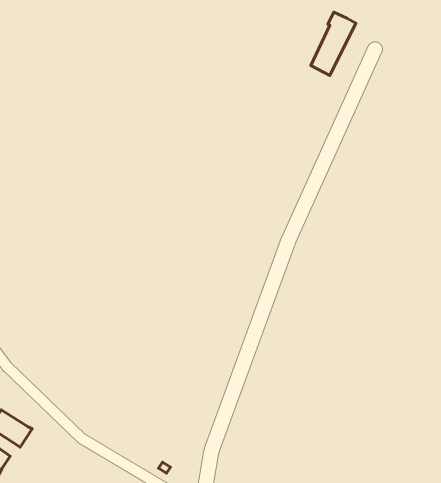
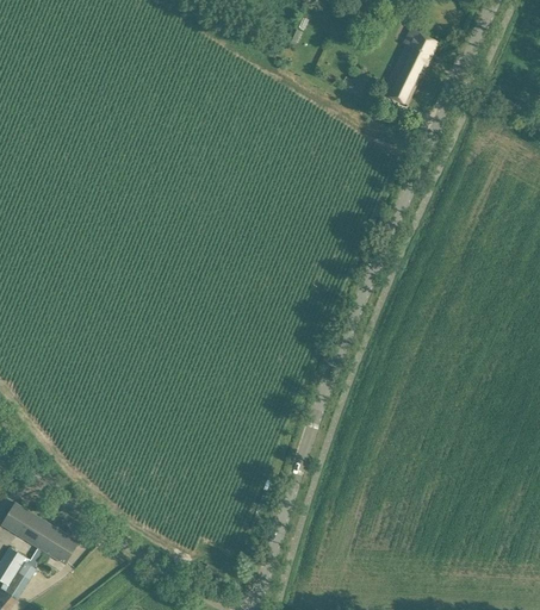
building: none -> [38,527,80,566]

